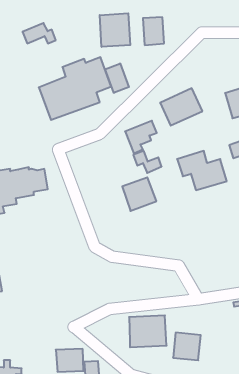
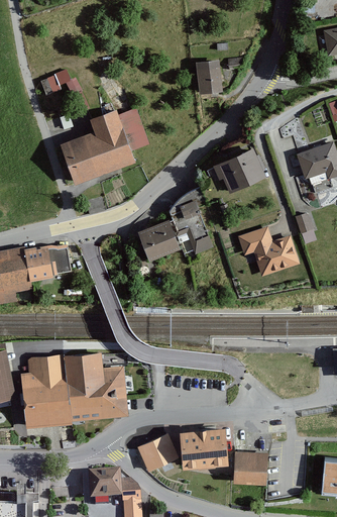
building: [100,13,130,47] -> none
building: [105,63,129,93] -> none
building: [122,177,156,211] -> [143,217,186,258]
building: none -> [22,355,133,427]
building: none -> [136,434,176,472]

